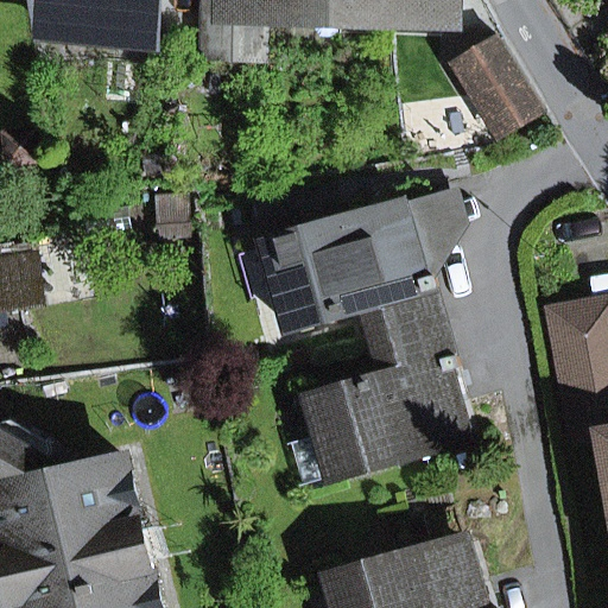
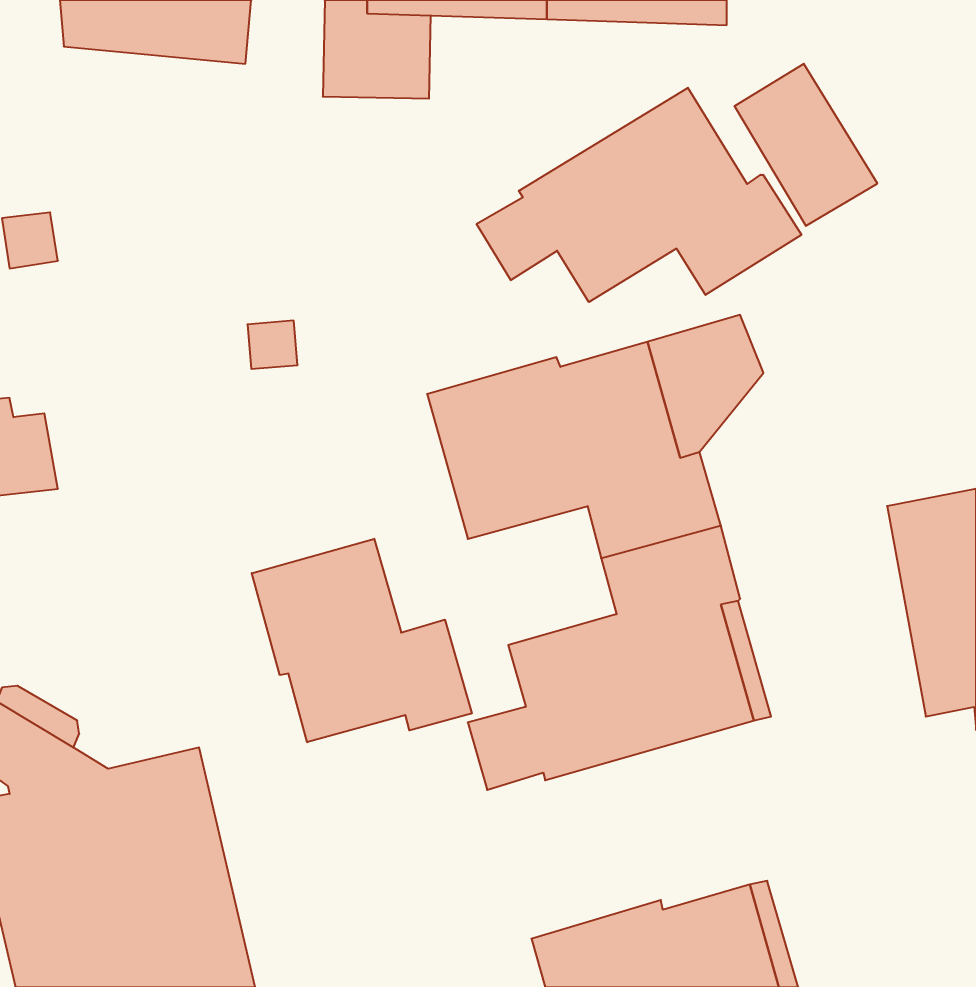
building: none -> [477,88,801,302]
building: none -> [252,539,472,742]

